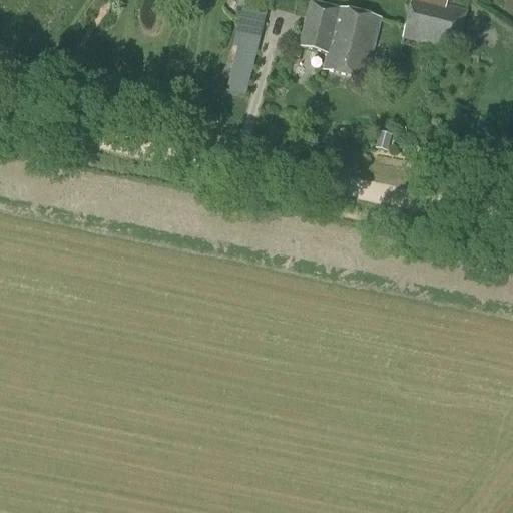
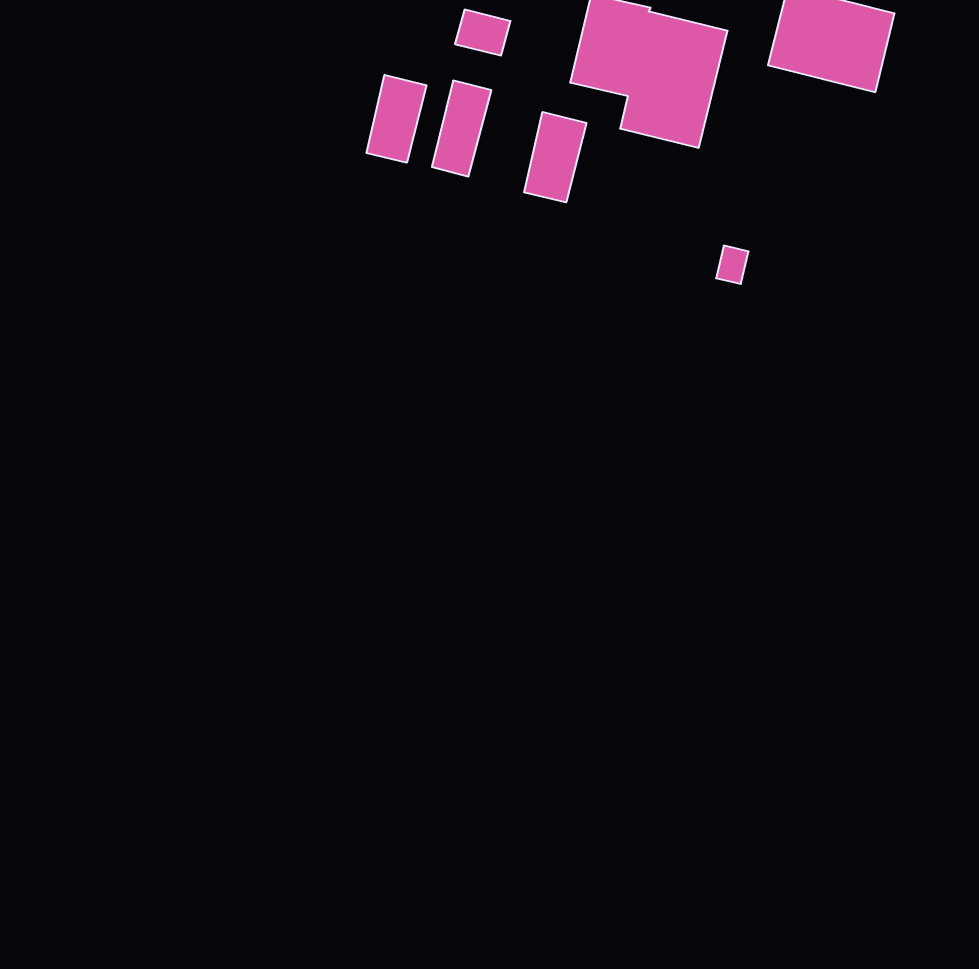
building: none -> [367,75,427,163]
building: none -> [524,112,587,202]

